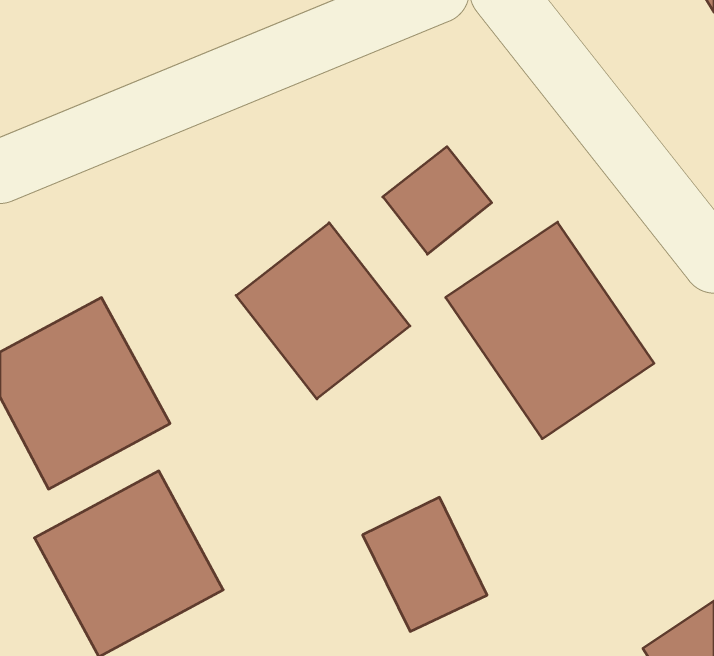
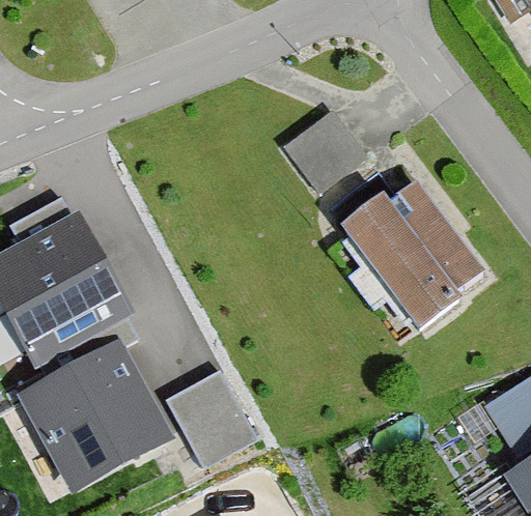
building: [236,223,410,399] -> none
building: [363,497,487,631] -> [167,363,259,462]

